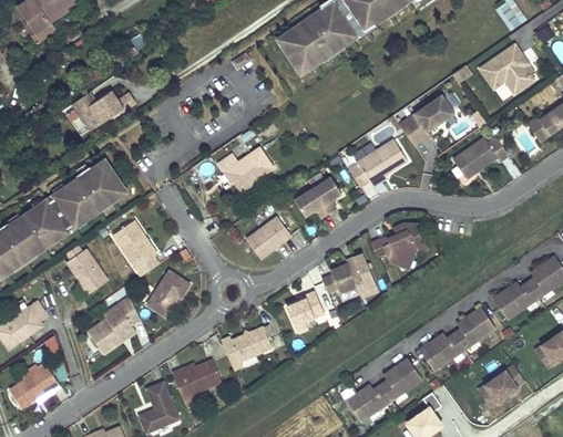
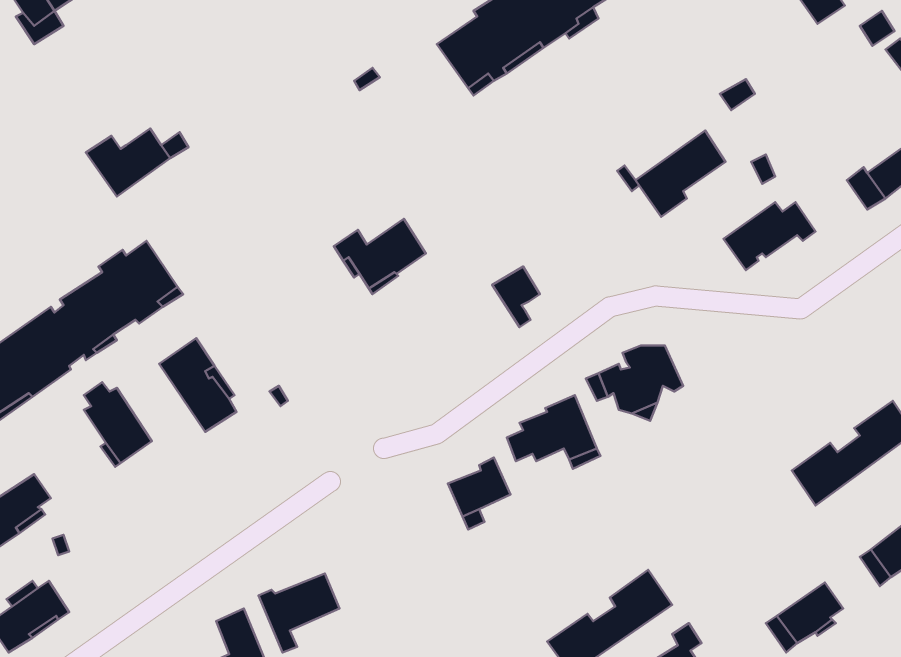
building: [480,44,534,93] -> none
building: [348,139,407,186] -> none
building: [295,187,329,218] -> none
building: [246,216,291,258] -> none
building: [147,269,190,315] -> none
building: [88,296,141,353] -> none
building: [419,308,495,371] -> none
building: [221,326,272,365] -> none

